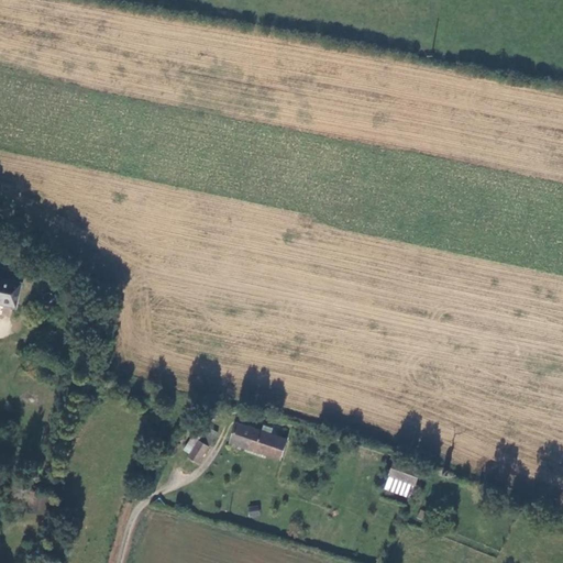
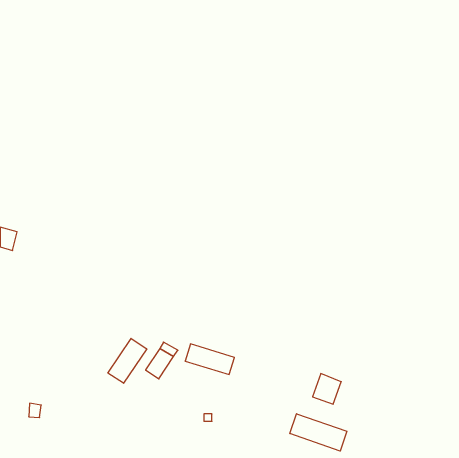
building: none -> [108,338,147,383]
building: none -> [290,414,347,451]

